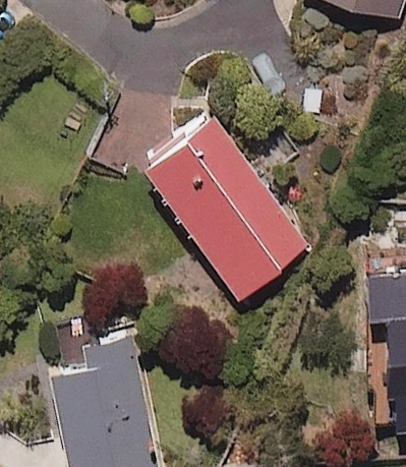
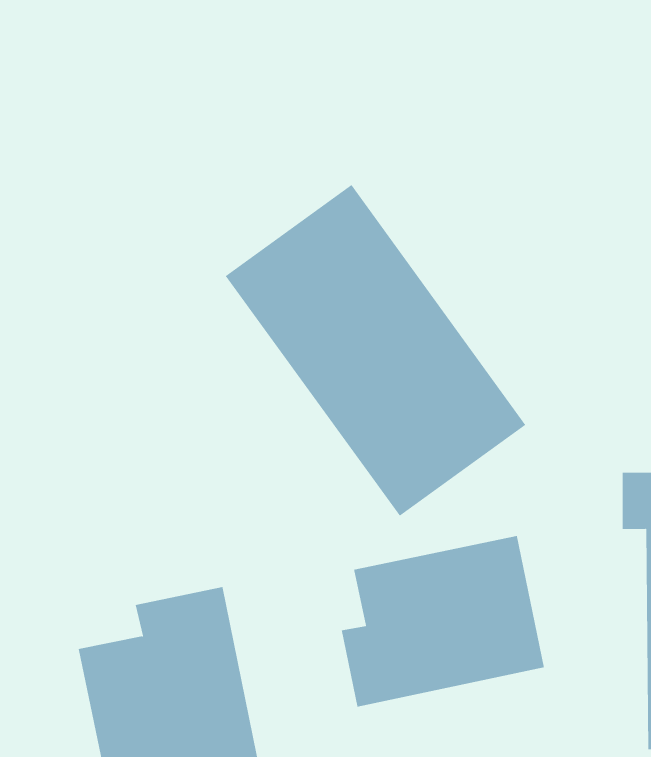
building: none -> [341,535,544,708]

